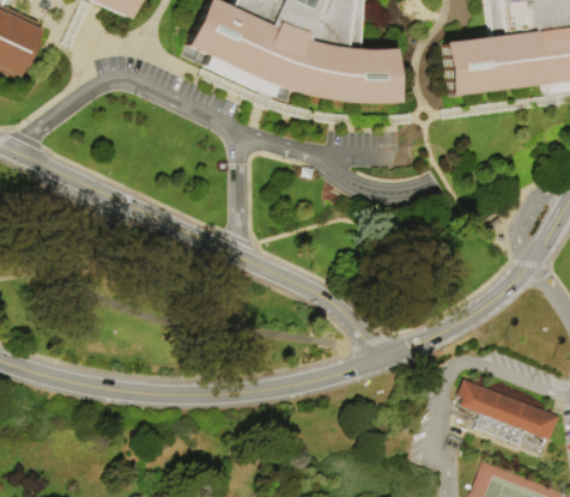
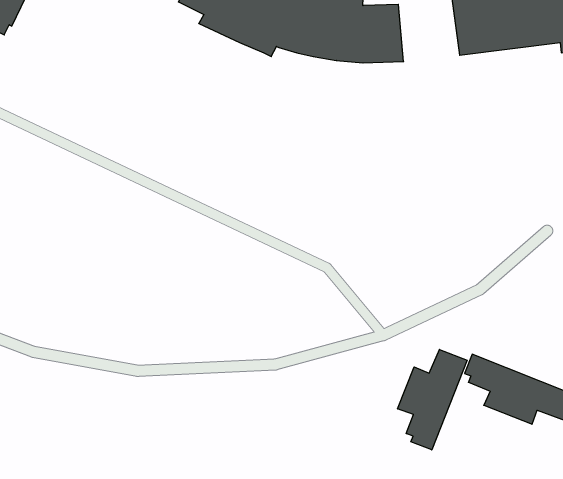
building: none -> [398,349,467,450]

